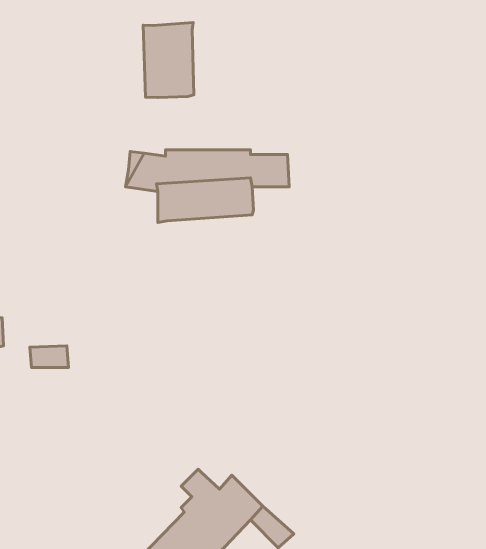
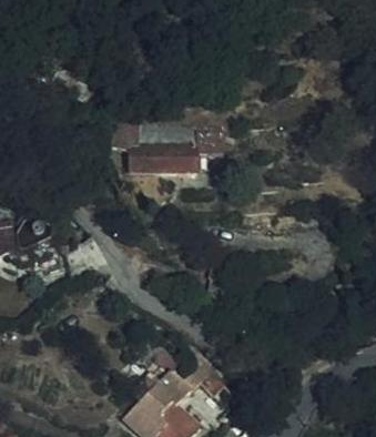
building: [143,23,194,97] -> none

